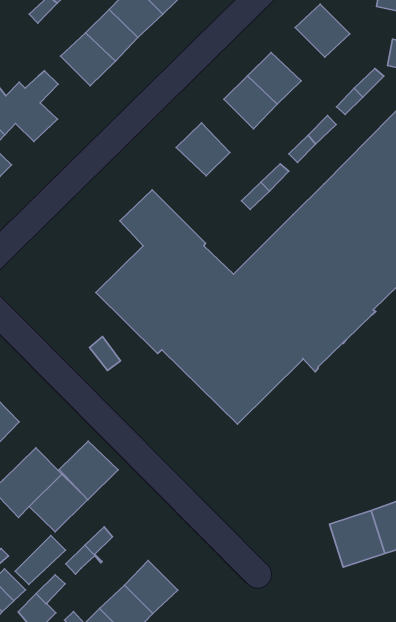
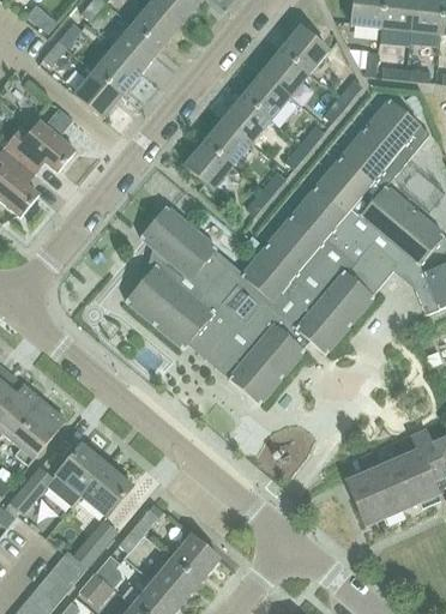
building: none -> [260,49,308,96]
building: none -> [204,119,251,165]
building: [59,441,118,500] -> none

